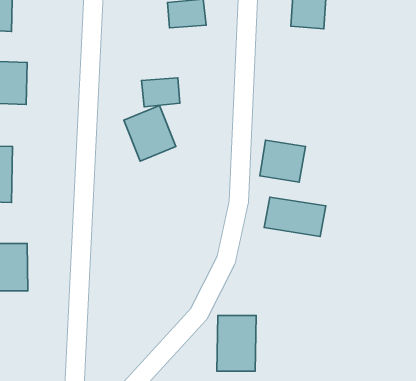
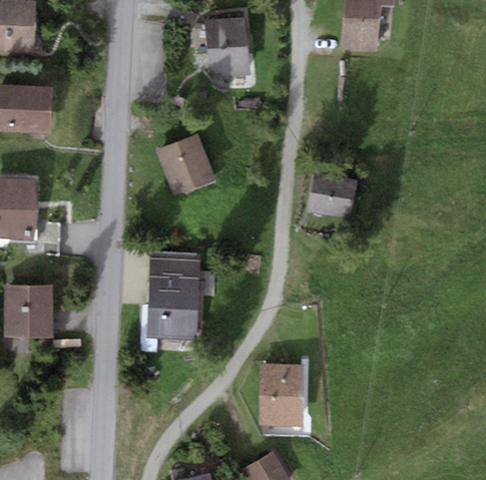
building: [141,78,180,107] -> [207,46,250,78]
building: [264,197,326,237] -> none
building: none -> [146,250,199,337]

